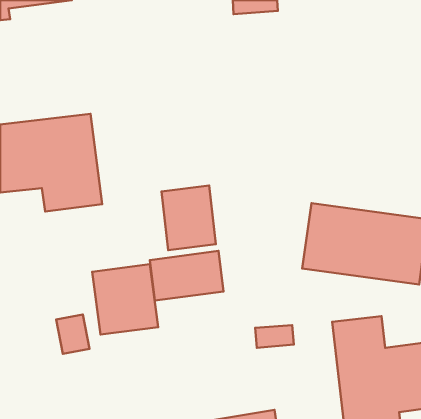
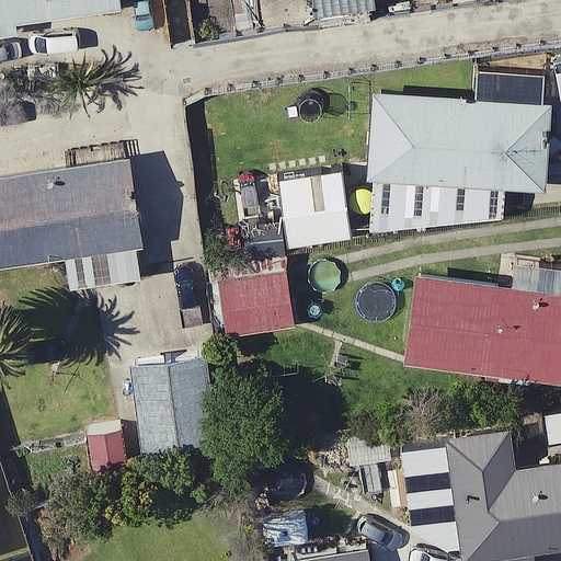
building: none -> [371,89,547,226]
building: none -> [278,172,348,247]
building: [150,251,223,301] -> none

